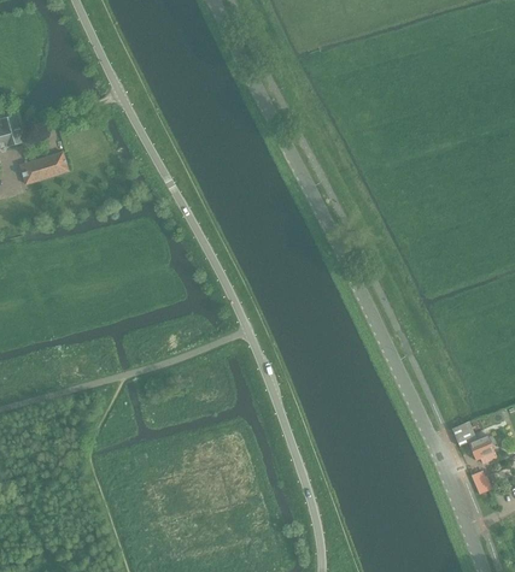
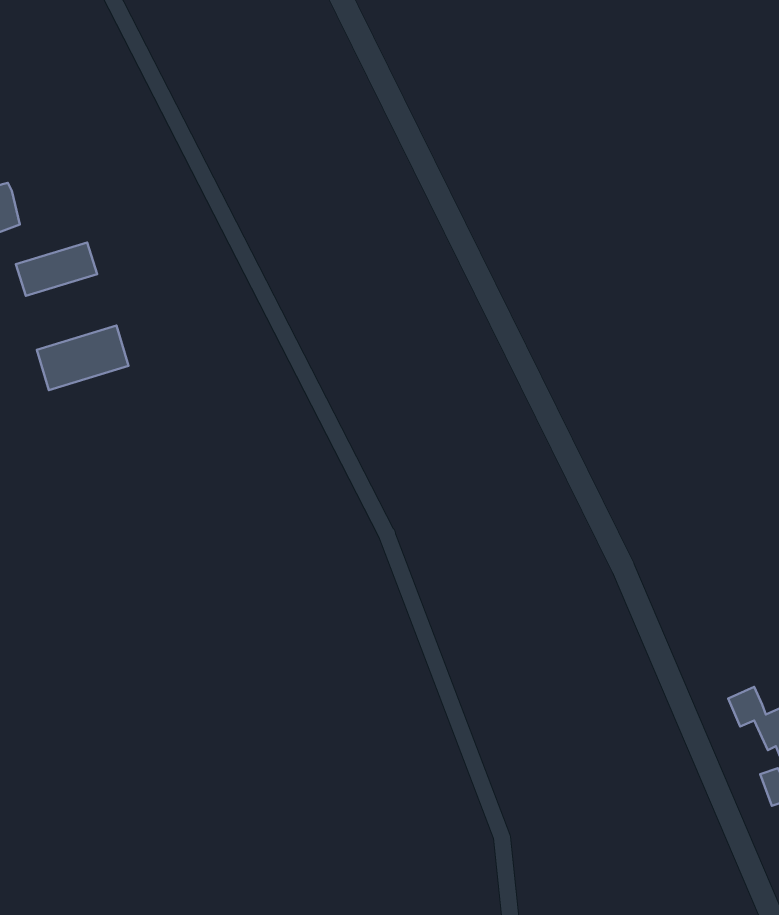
building: none -> [37,325,129,390]

